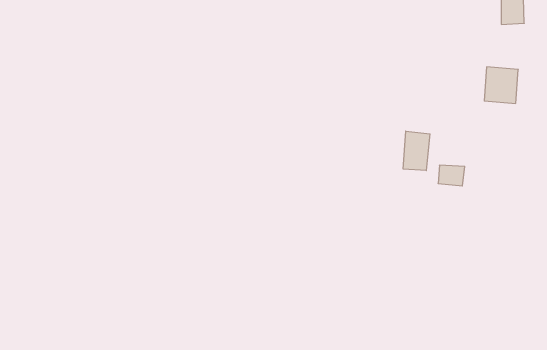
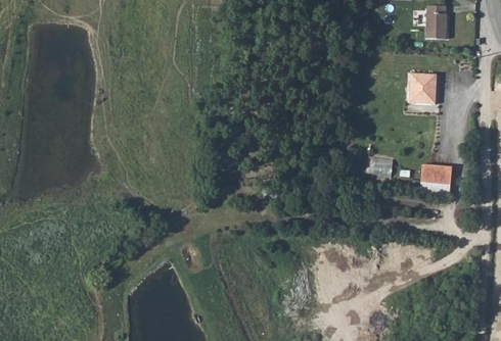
building: [403,131,430,171] -> none
building: none -> [424,165,454,186]

